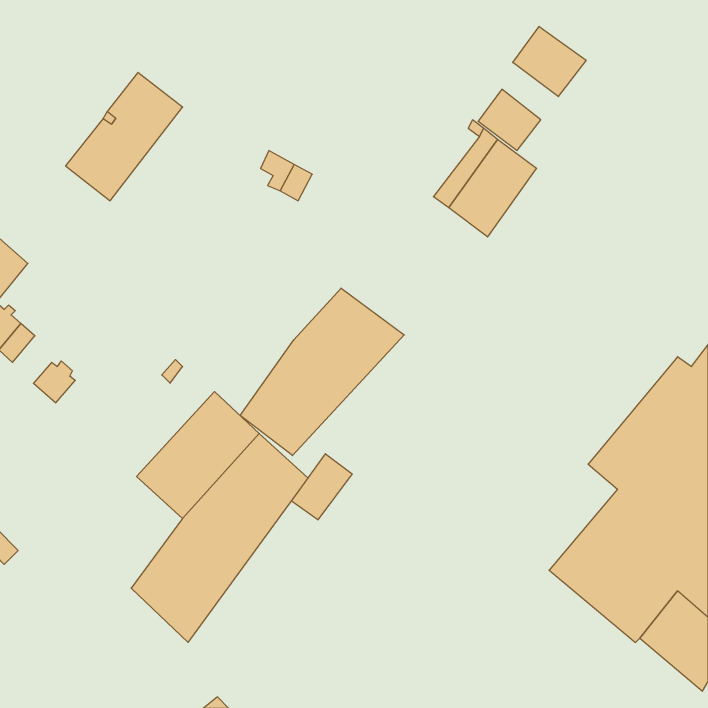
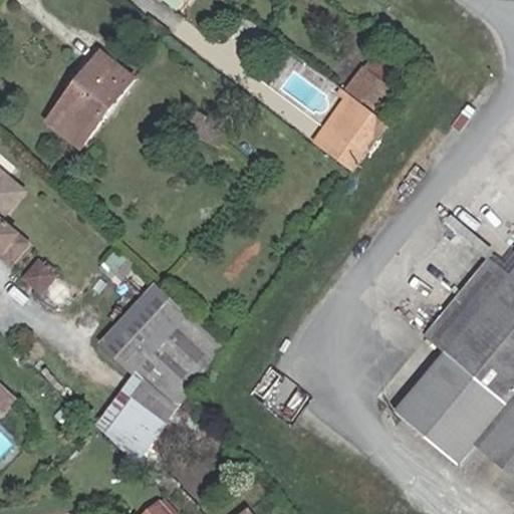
building: [513,26,586,97] -> none
building: [240,288,404,456] -> none
building: [291,454,352,520] -> none

